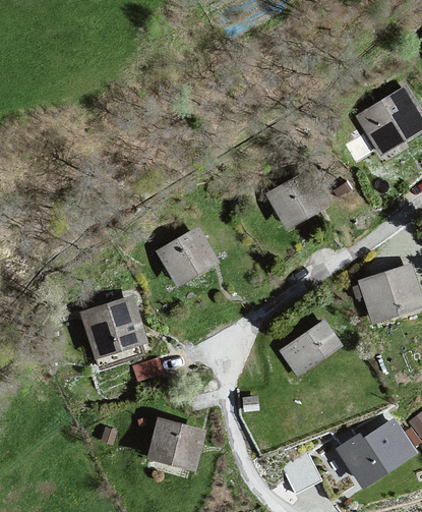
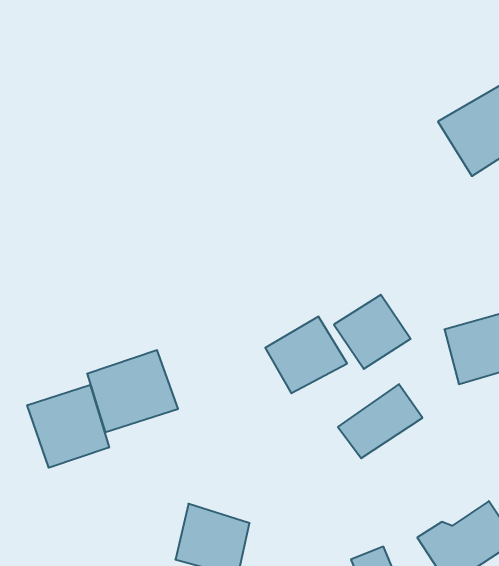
building: [267,172,327,230] -> [334,295,411,369]
building: [157,228,221,288] -> [265,317,347,393]
building: none -> [27,385,109,468]

